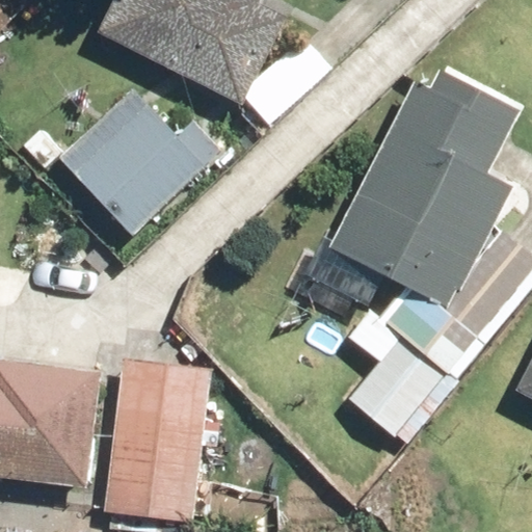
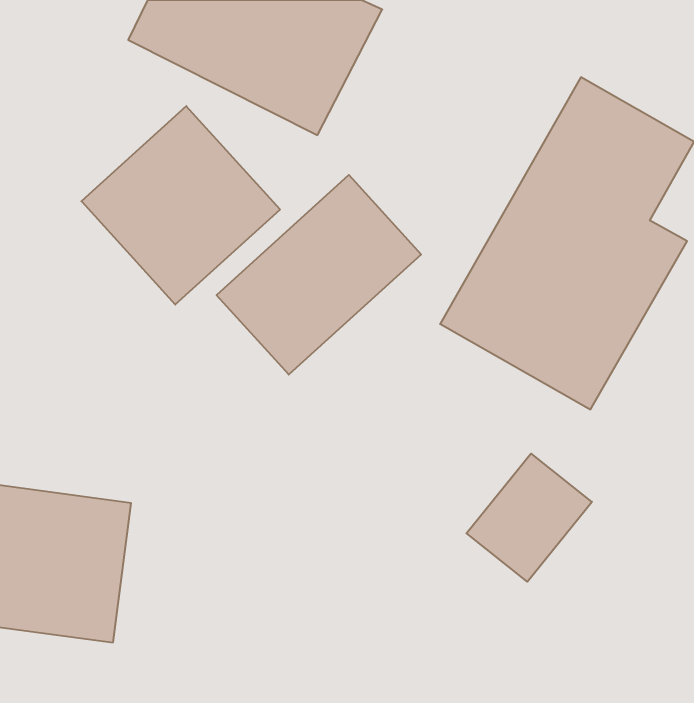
building: none -> [217,175,421,375]
building: [103,357,206,522] -> none

